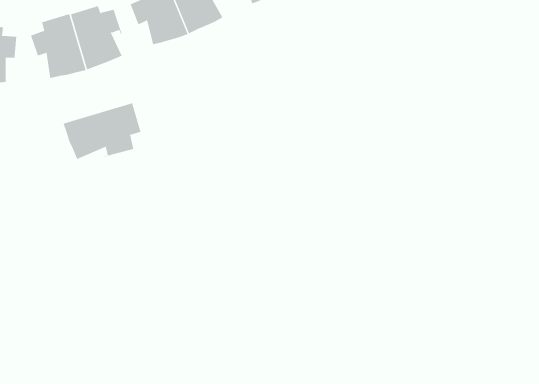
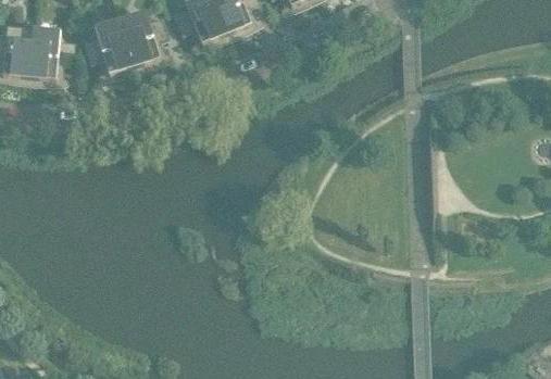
building: [63,100,143,160] -> none

